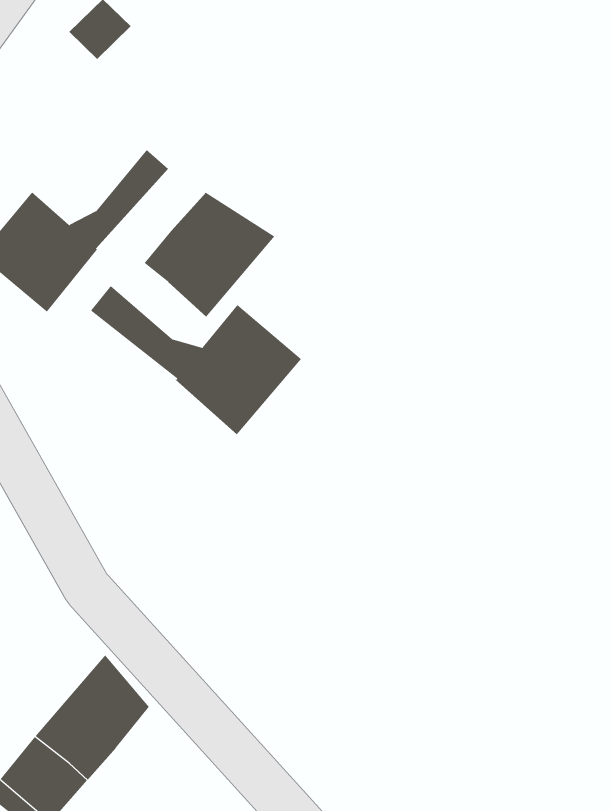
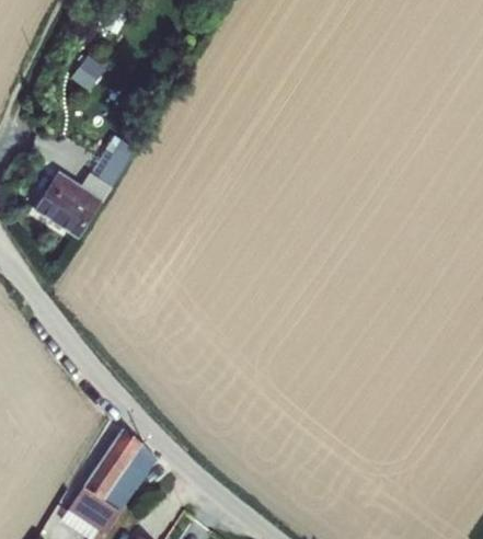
building: [144,192,275,317] -> none
building: [90,285,302,435] -> none

